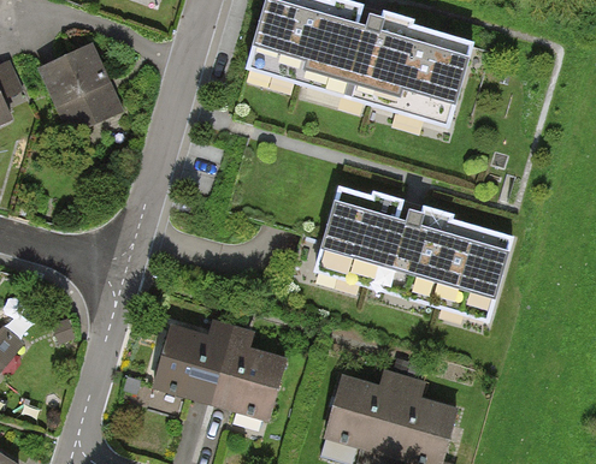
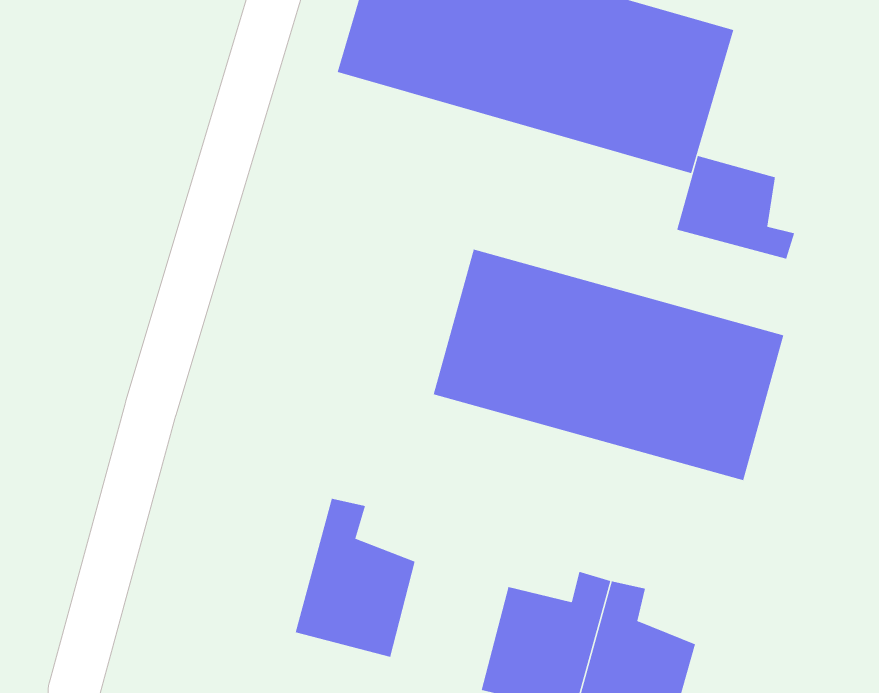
building: [36,42,120,130] -> none
building: none -> [677,155,795,259]
building: [151,321,232,411] -> none

